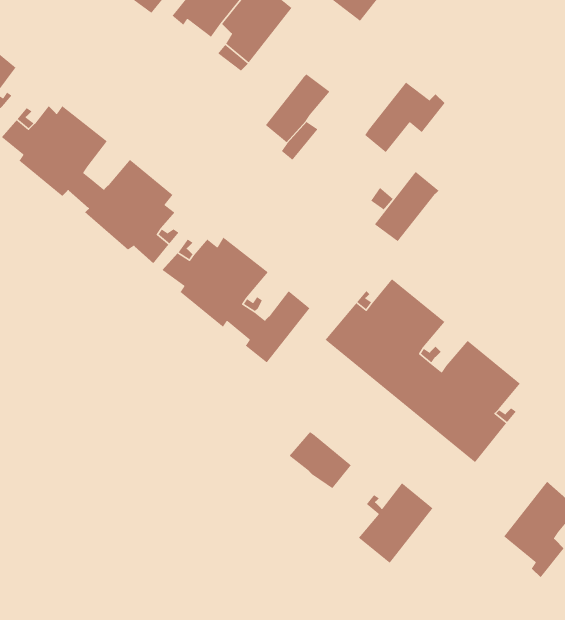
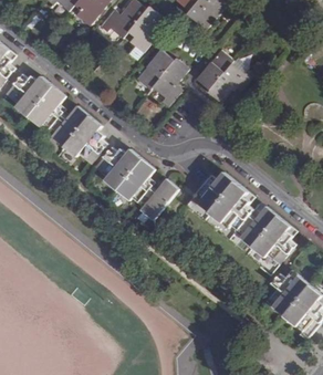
building: none -> [136,49,173,88]
building: [374,171,439,242] -> [196,49,232,88]
building: [289,431,352,489] -> none
building: [358,482,433,564] -> [267,270,309,315]

